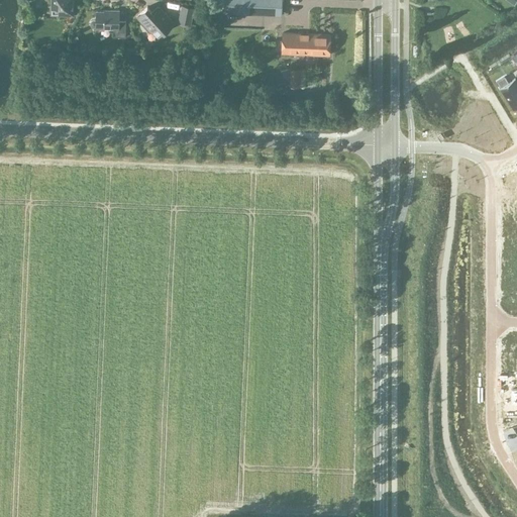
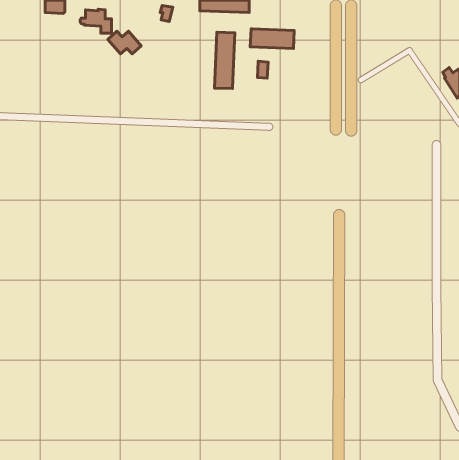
building: [137,7,175,32] -> [108,31,141,54]
building: none -> [214,32,235,89]

